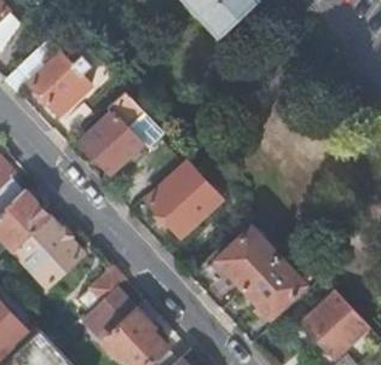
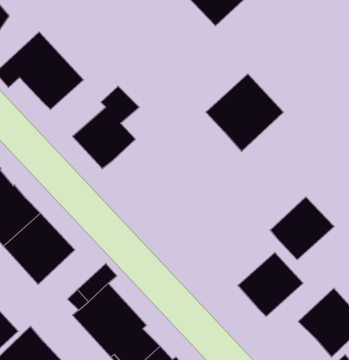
building: [146,161,223,237] -> [206,74,283,152]
building: [217,226,279,288] -> [270,197,334,260]

